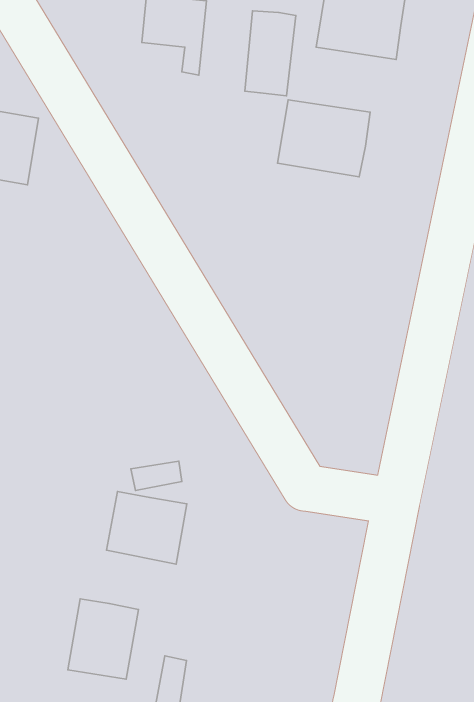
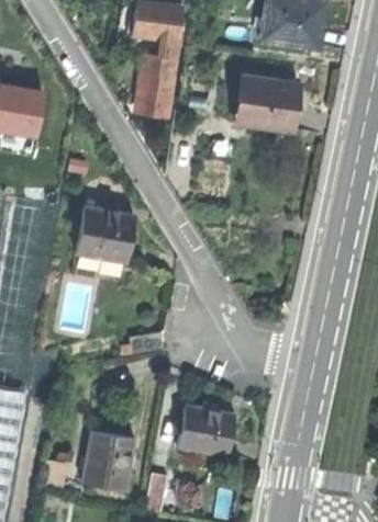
building: [245,11,296,96] -> [138,57,175,117]
building: none -> [74,207,132,263]
building: [107,491,187,564] -> [176,406,233,457]

